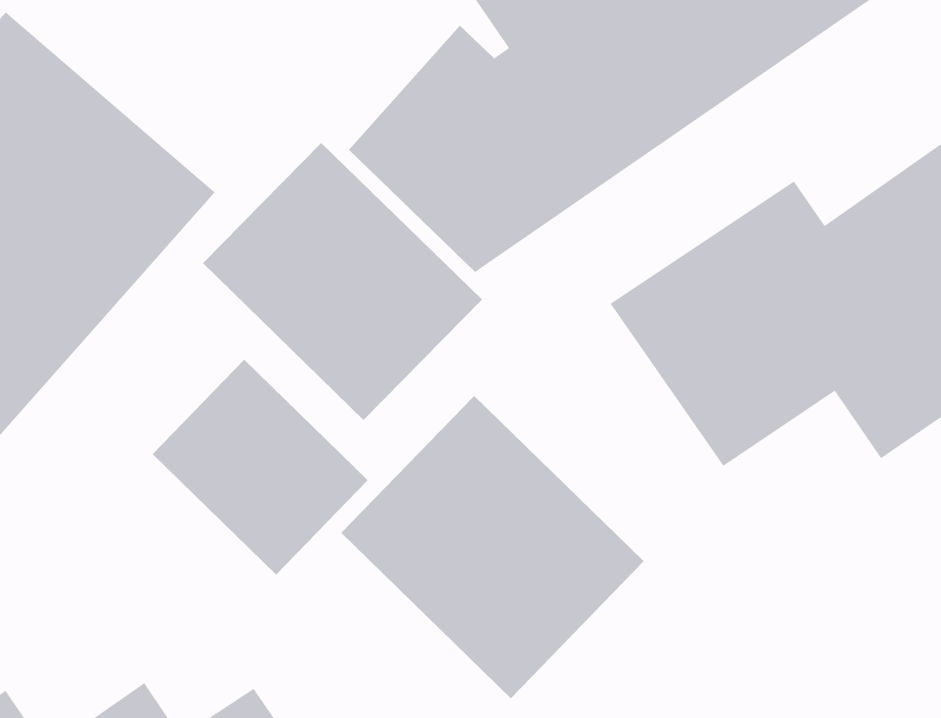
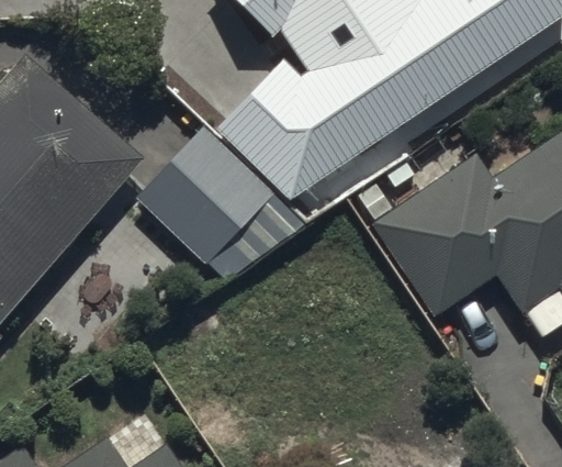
building: [152,359,368,575] -> none
building: [341,395,645,699] -> none

